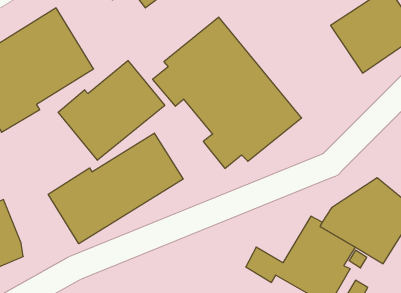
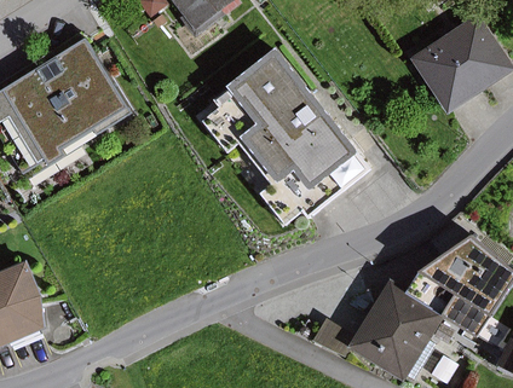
building: [58,61,165,160] -> none
building: [48,133,183,244] -> none

